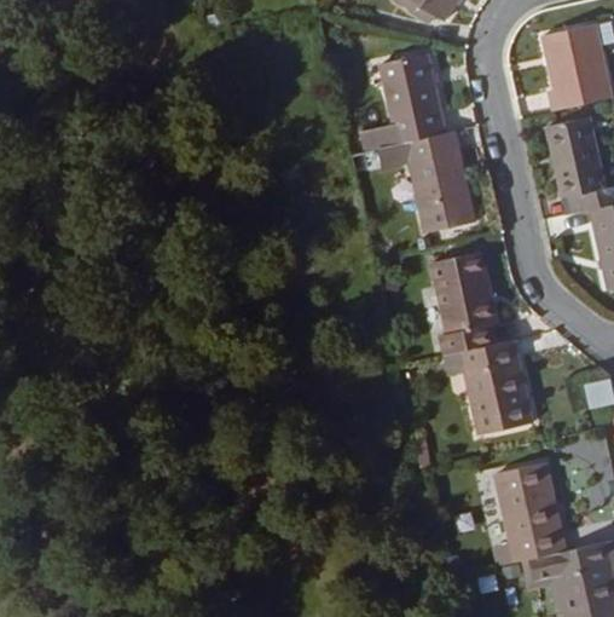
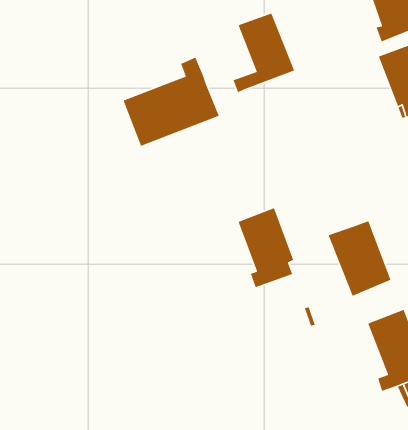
building: none -> [123,56,220,147]
building: [373,132,476,235] -> none
building: [430,253,498,354] -> [238,207,294,288]

